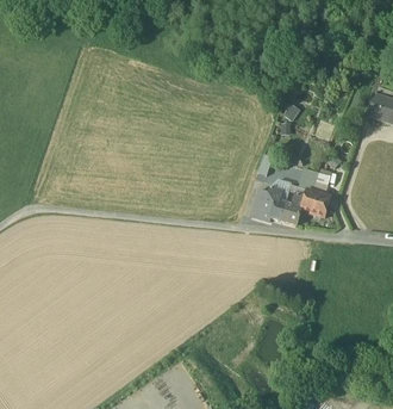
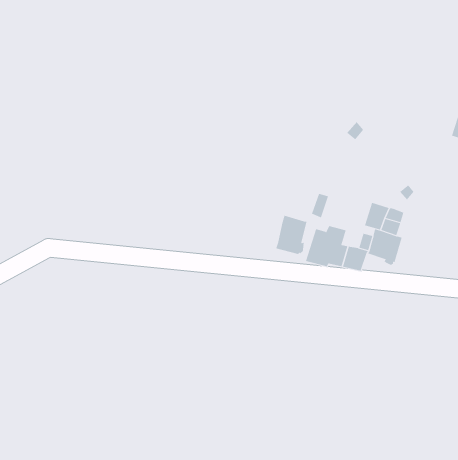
building: none -> [276,215,307,255]

